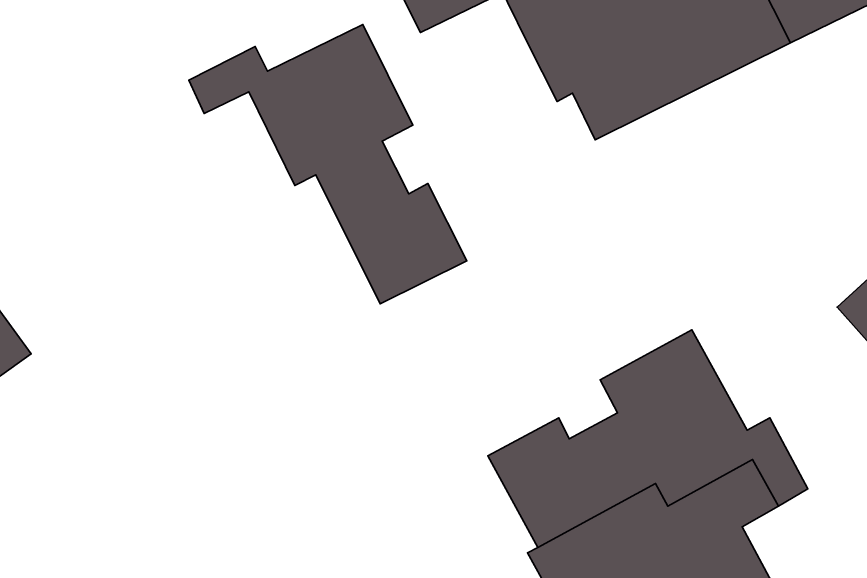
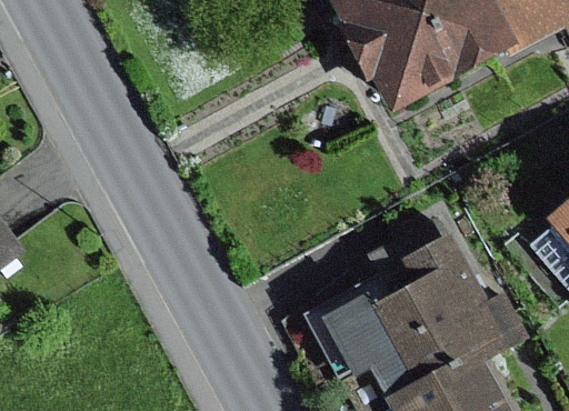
building: [189,24,467,304] -> none

